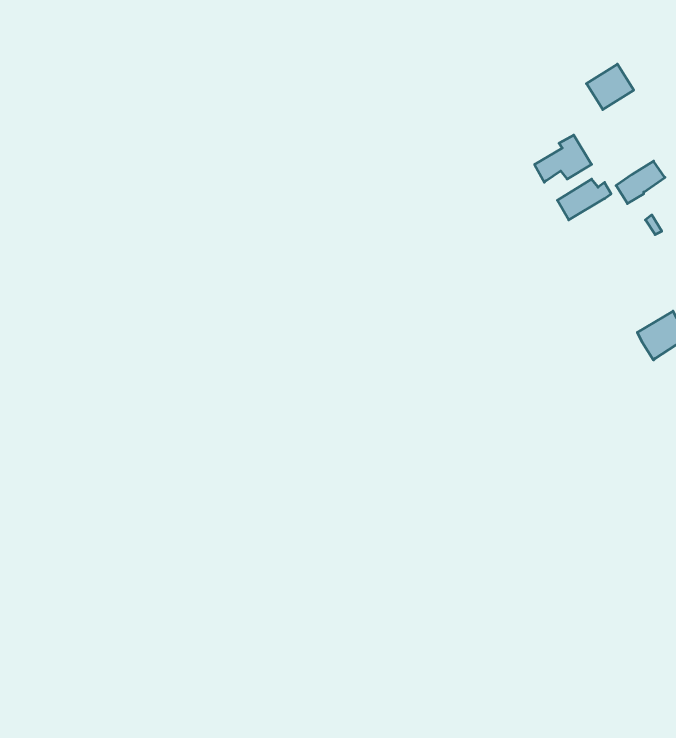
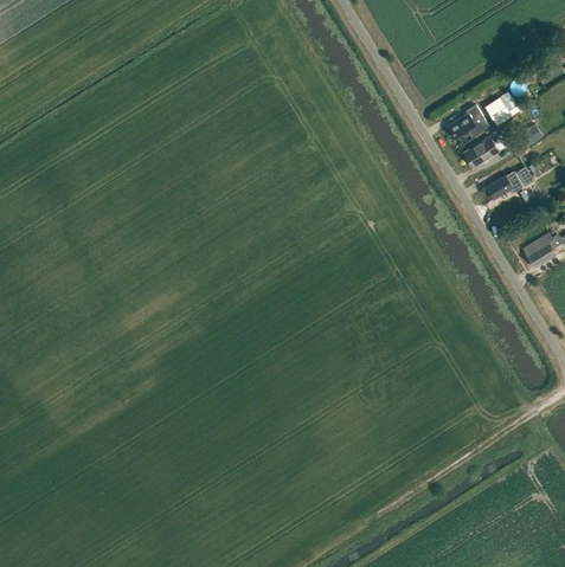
building: [586,64,634,110] -> [484,91,519,124]
building: none -> [486,167,533,200]

